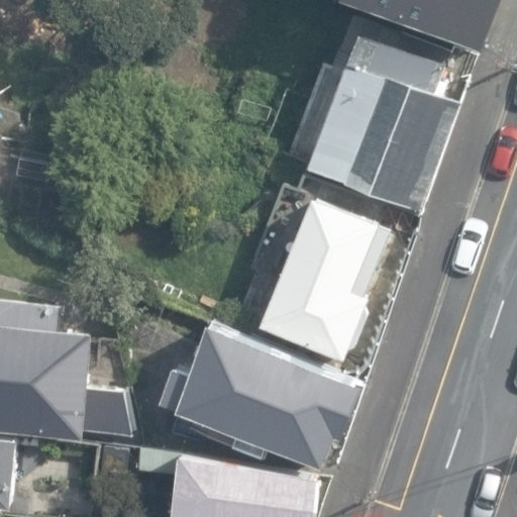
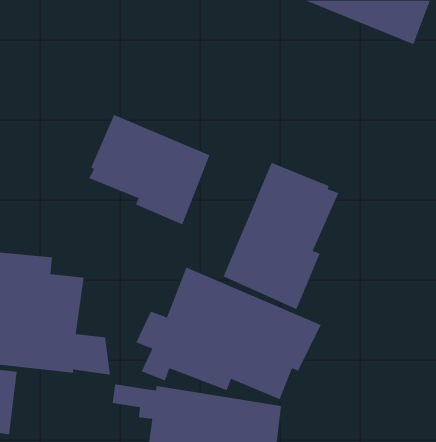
building: [294,40,469,221] -> none
building: none -> [88,114,210,225]

